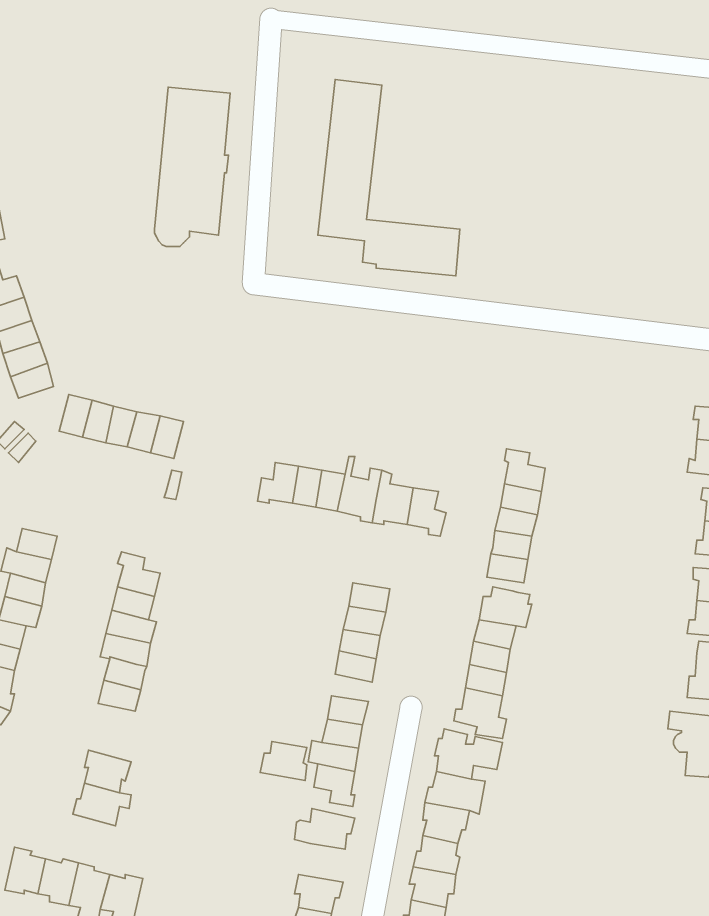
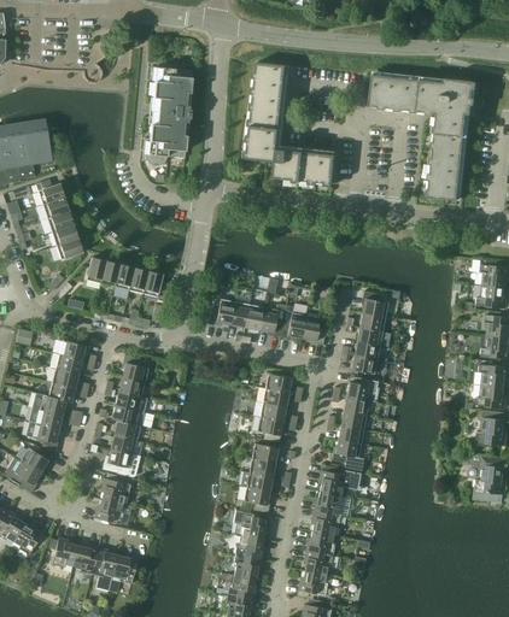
building: none -> [369,75,474,200]
building: none -> [103,448,140,477]
building: [260,742,307,780] -> [234,535,263,559]

